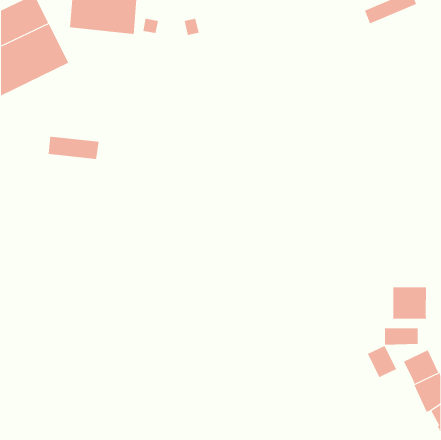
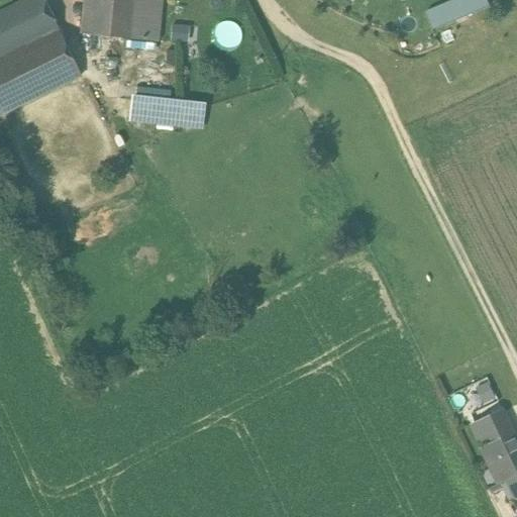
building: [48,136,100,160] -> [131,98,192,125]
building: [393,286,427,319] -> none
building: [367,345,397,378] -> none

